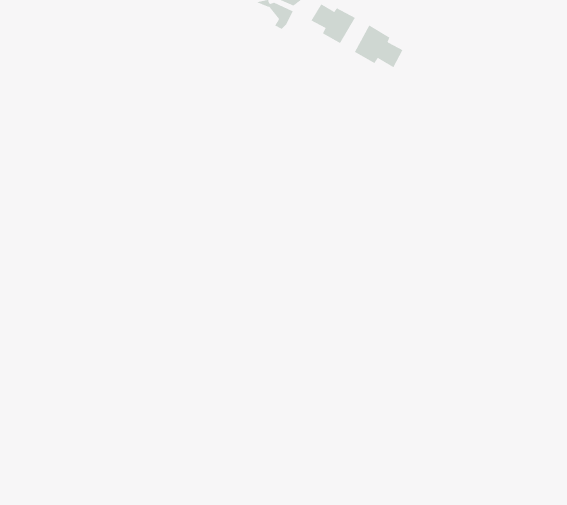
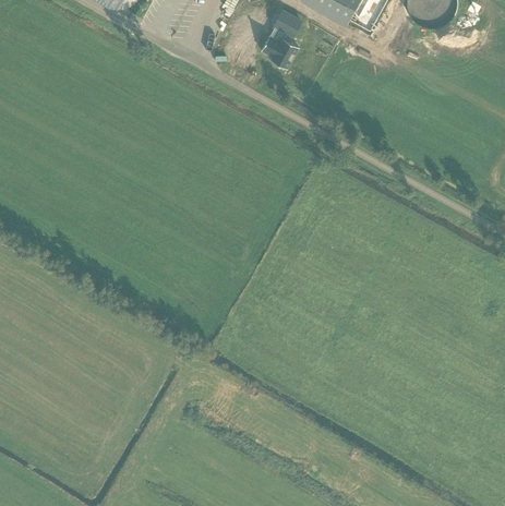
building: [354,24,403,68] -> none

